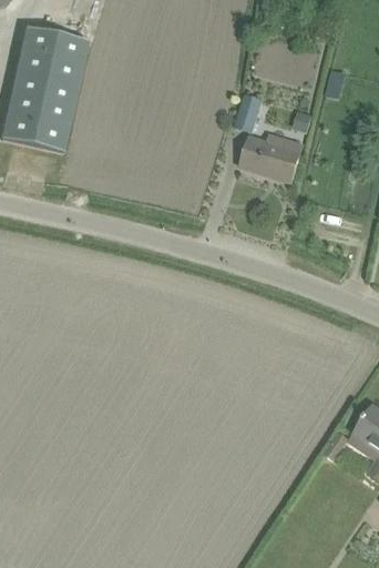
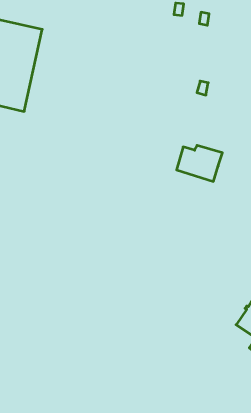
building: [236,91,263,128] -> none
building: [242,131,304,180] -> [177,145,222,181]

